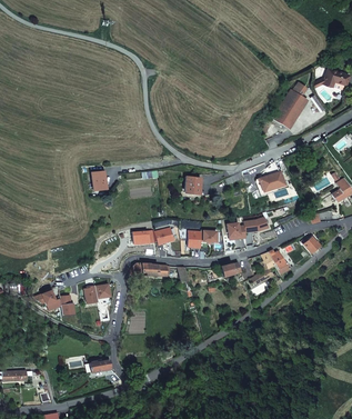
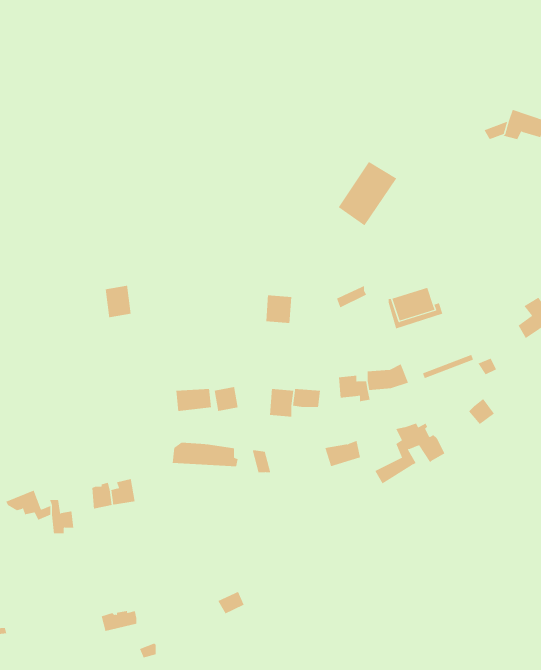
building: [273,91,308,129] -> [338,161,397,226]

